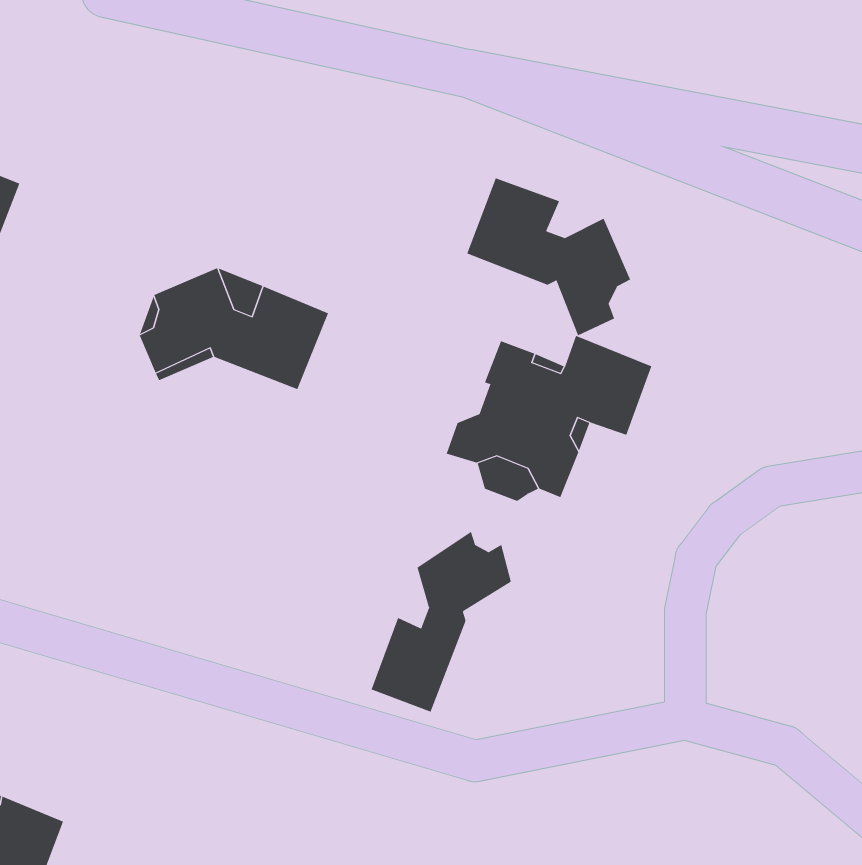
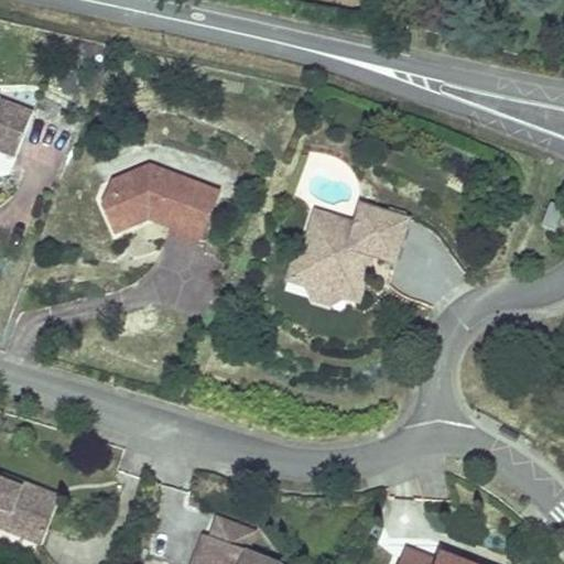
building: [467,177,631,336] -> none
building: [371,531,511,712] -> none

